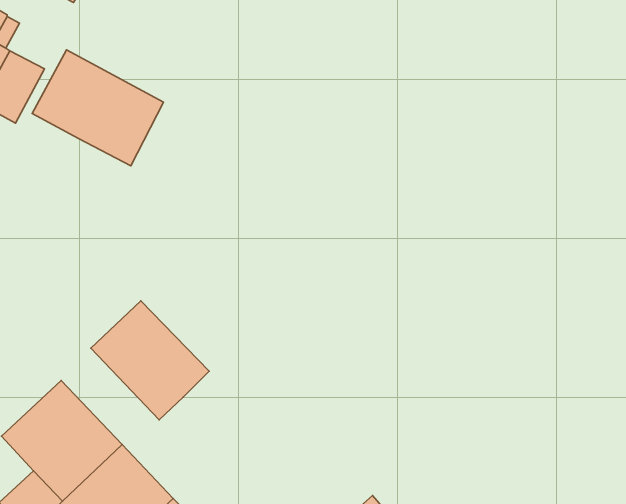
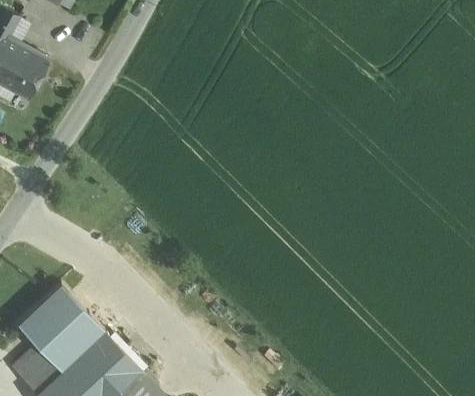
building: [32,50,163,166] -> none
building: [91,301,209,420] -> none

